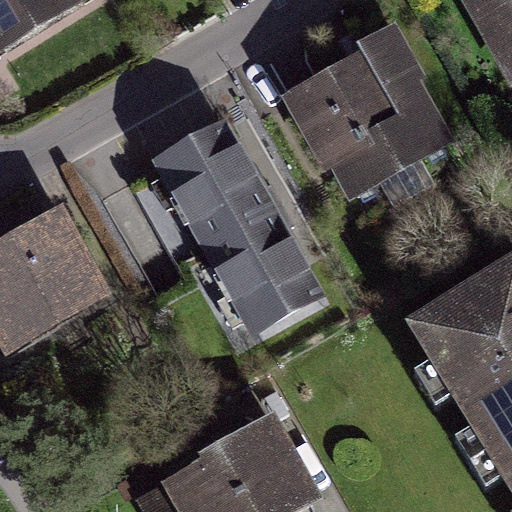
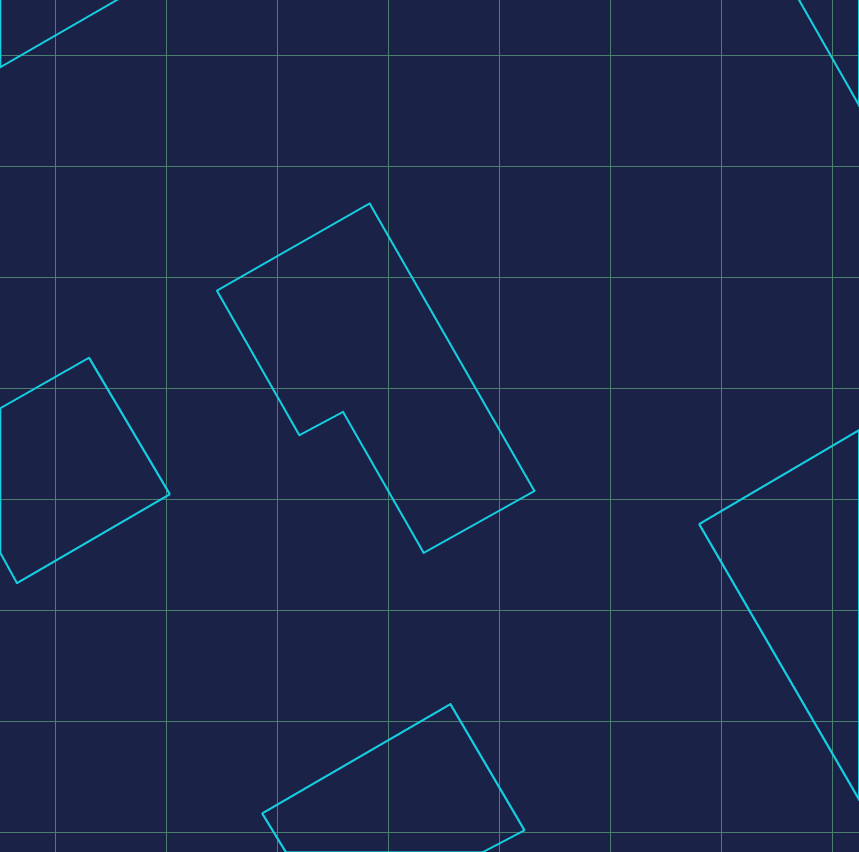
building: [295,39,447,193] -> none

